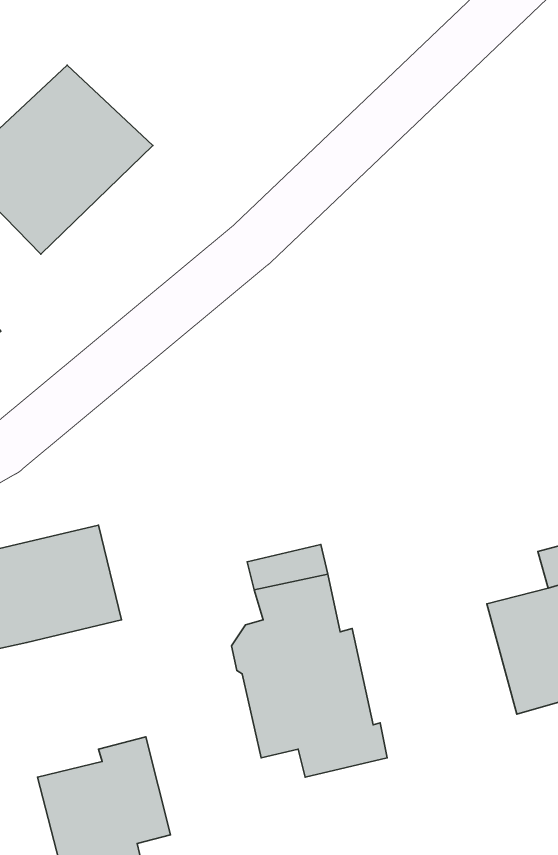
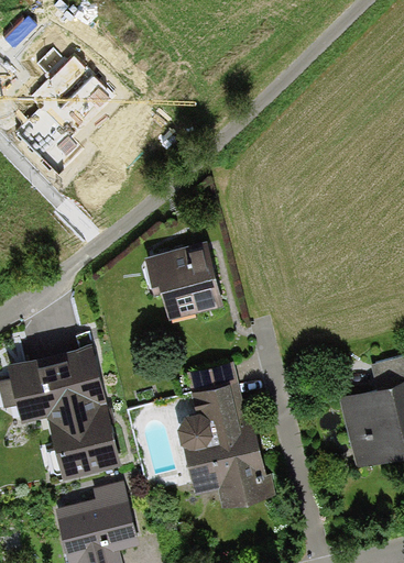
building: none -> [144,244,221,322]
building: none -> [47,405,121,482]

